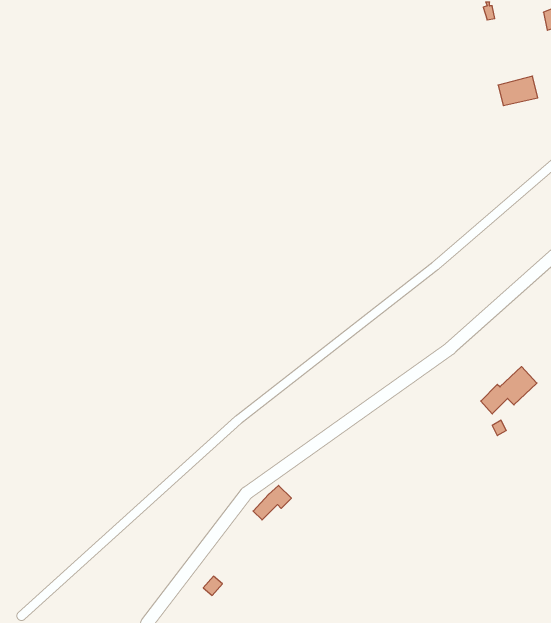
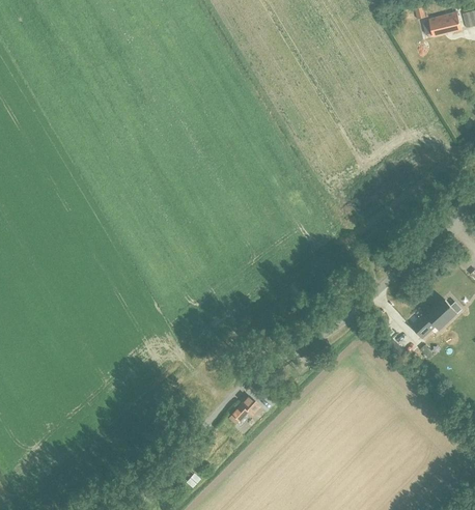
building: [498,76,538,106] -> [427,10,459,34]

